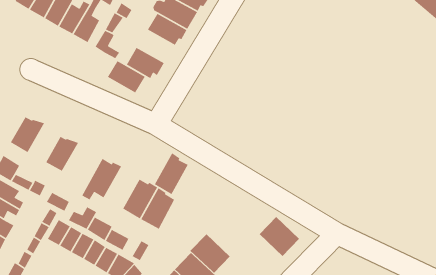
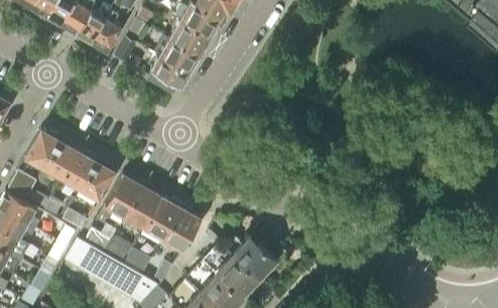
building: [107,60,146,93] -> [159,37,201,72]
building: none -> [44,136,79,178]
building: none -> [81,157,115,199]
building: [154,152,189,195] -> [125,182,162,227]
building: [259,216,300,257] -> [234,235,277,278]

